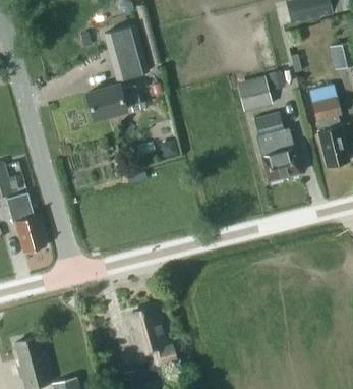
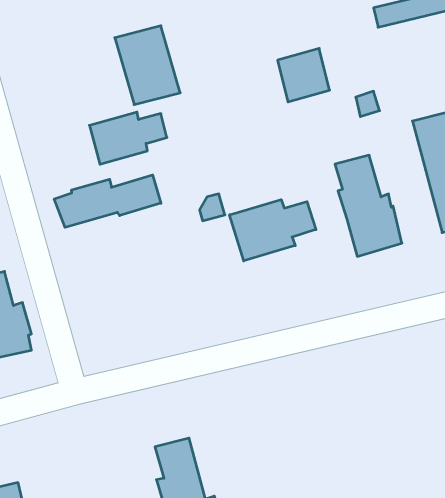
building: [237,75,273,112] -> [278,48,330,102]
building: none -> [54,175,161,227]
building: none -> [230,200,316,261]

